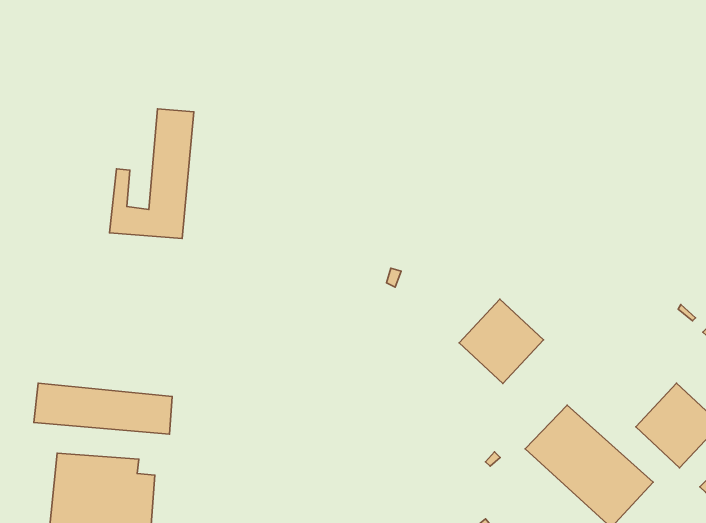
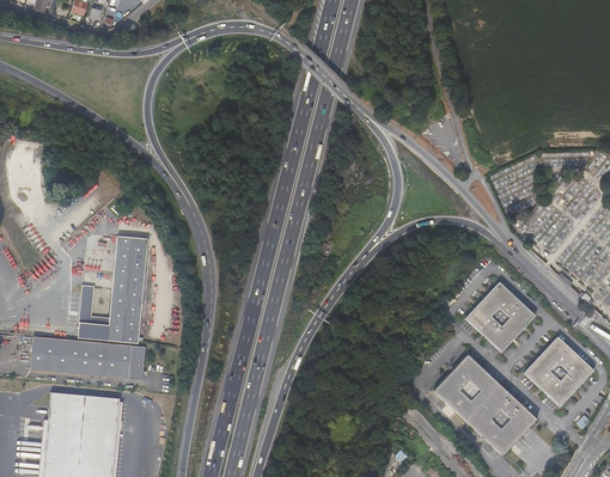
building: [109,109,194,239] -> [78,237,147,343]
building: [459,299,544,384] -> [466,283,536,353]

